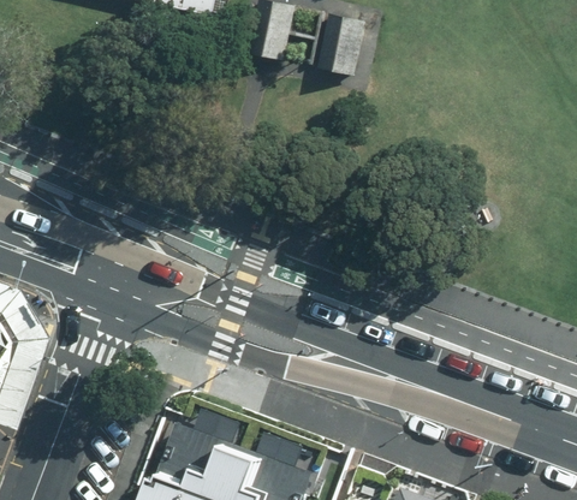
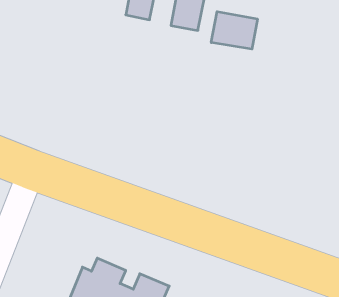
building: none -> [211,12,257,49]

